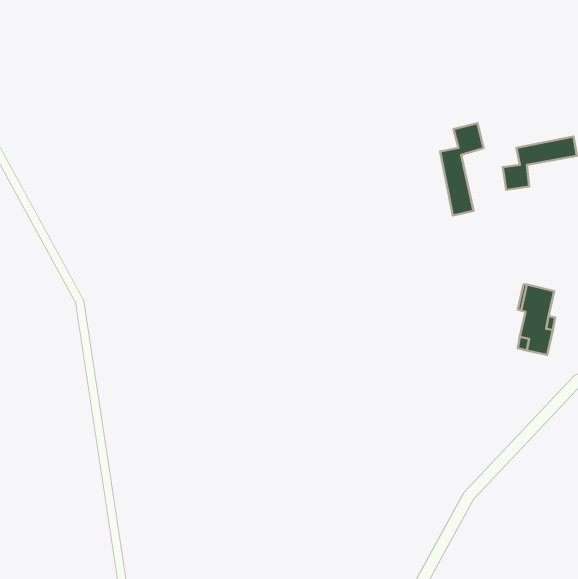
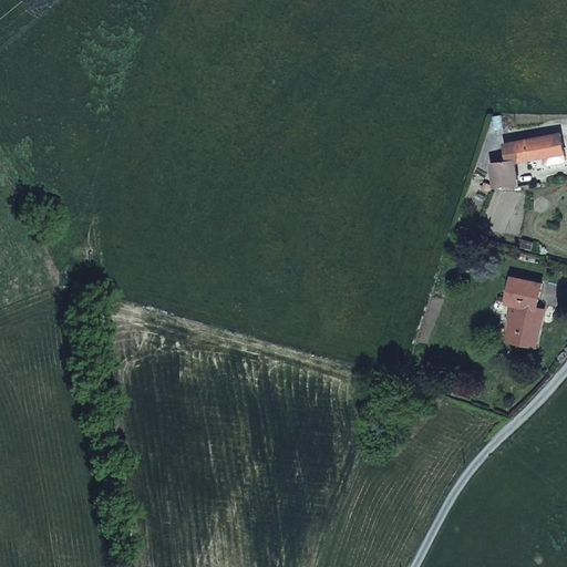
building: [440,123,484,215] -> none

